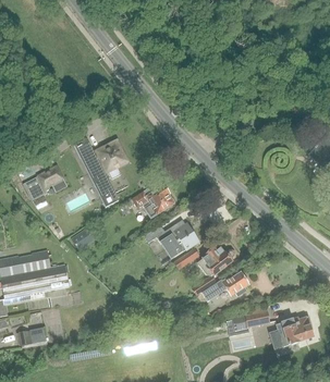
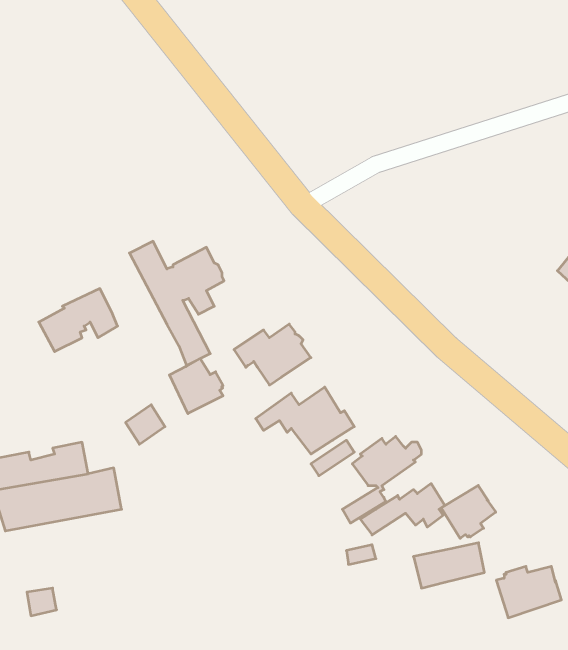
building: none -> [169,359,223,414]
building: none -> [441,485,496,538]

